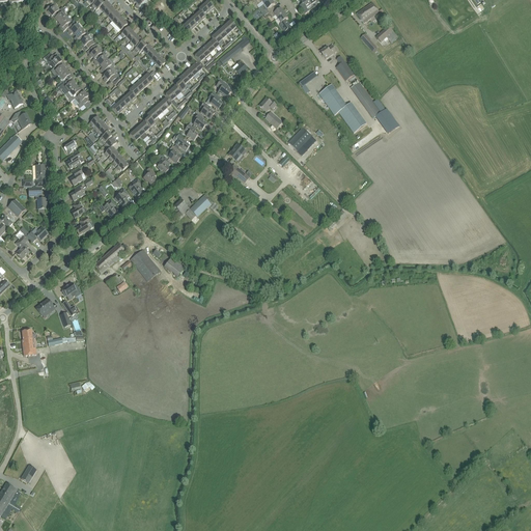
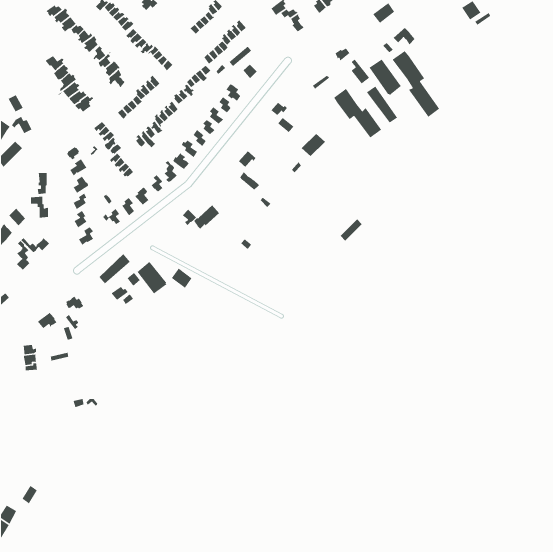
building: none -> [391,50,440,118]
building: none -> [368,58,402,97]

